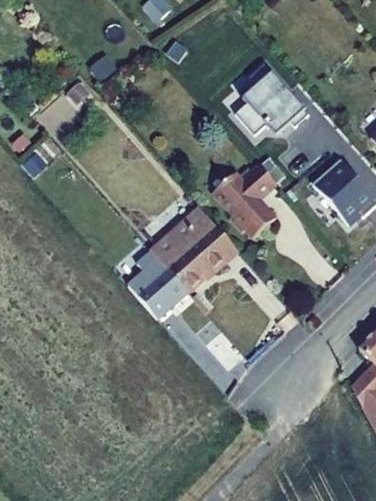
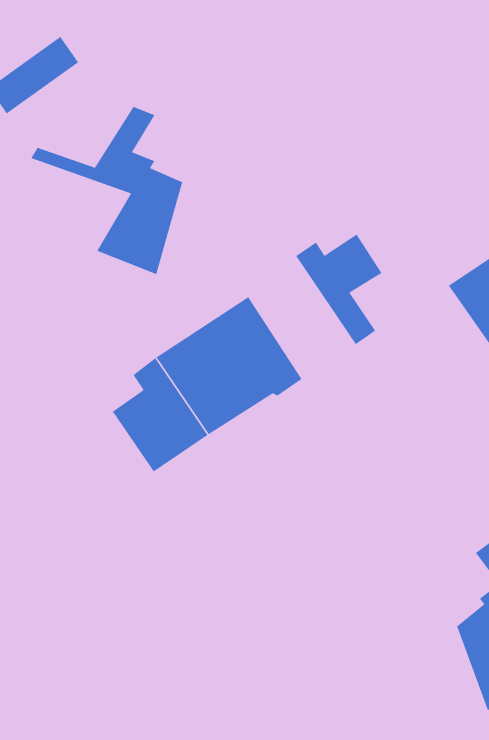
building: [237,67,311,138] -> none
building: none -> [30,106,183,275]
building: [211,182,266,239] -> none

